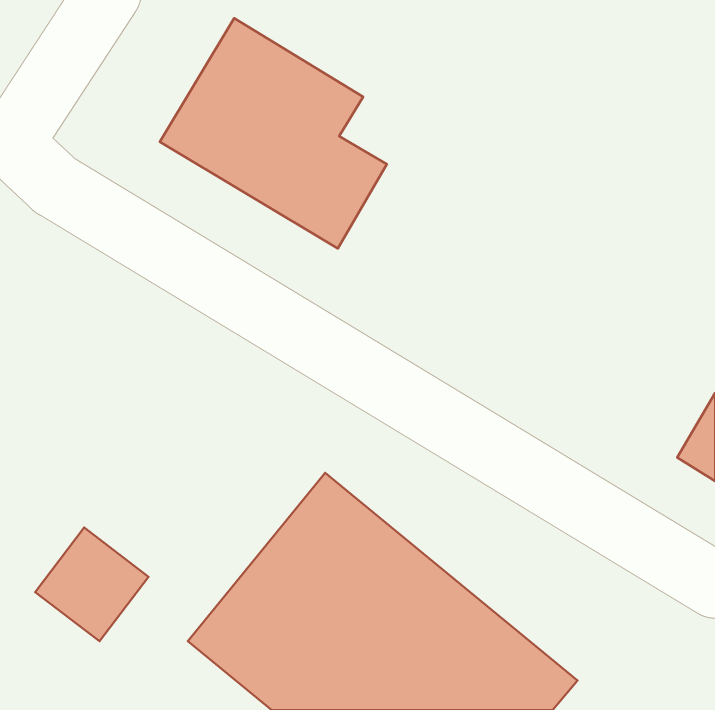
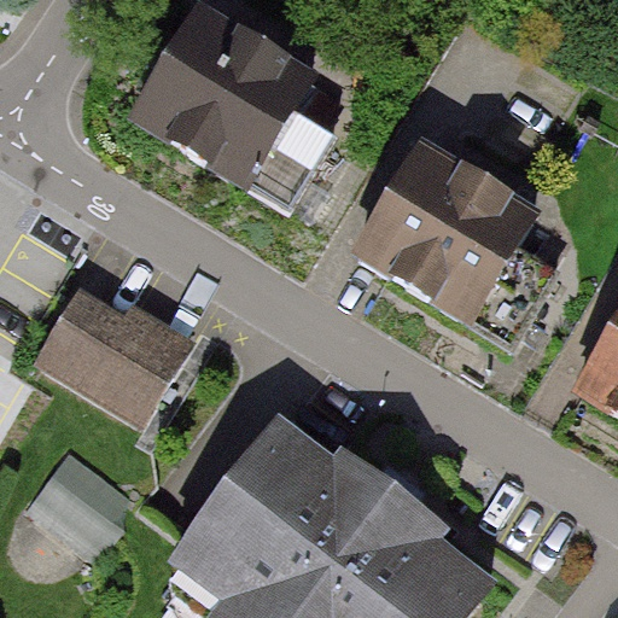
building: none -> [360,154,556,351]
building: none -> [24,274,191,427]

